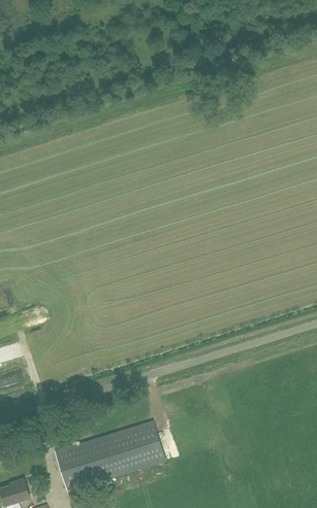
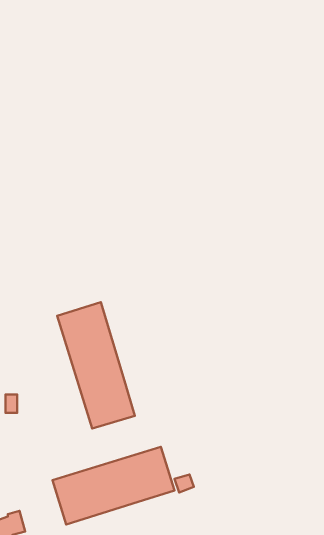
building: none -> [57,302,135,429]

